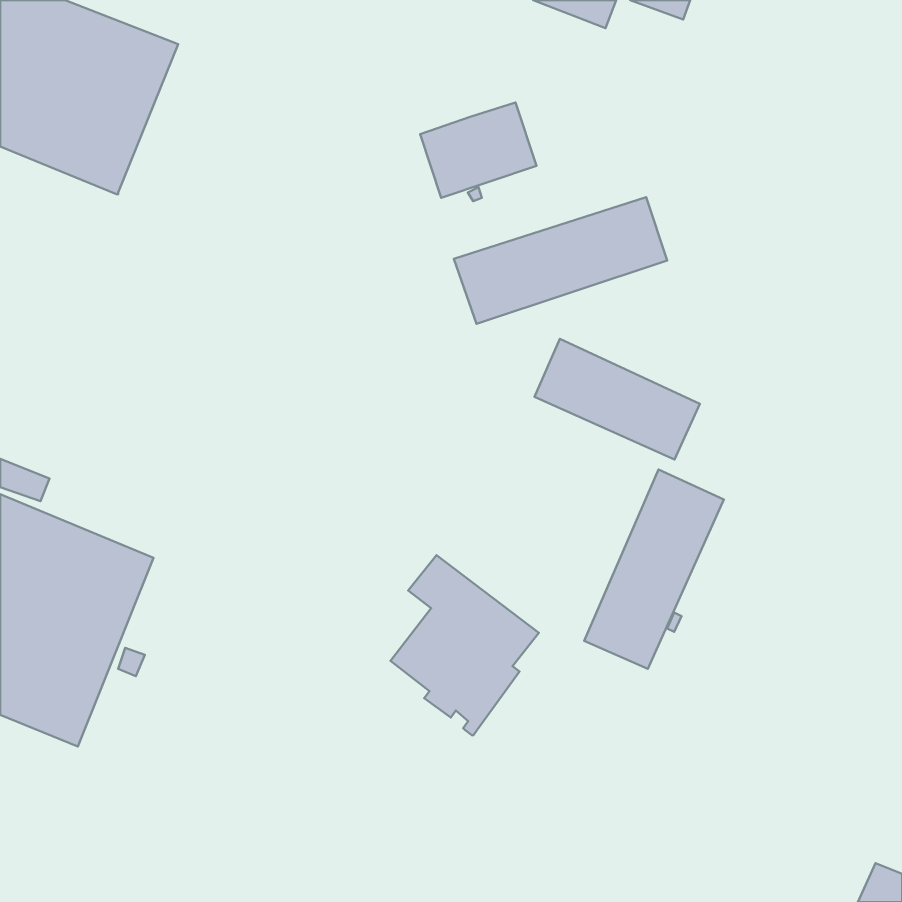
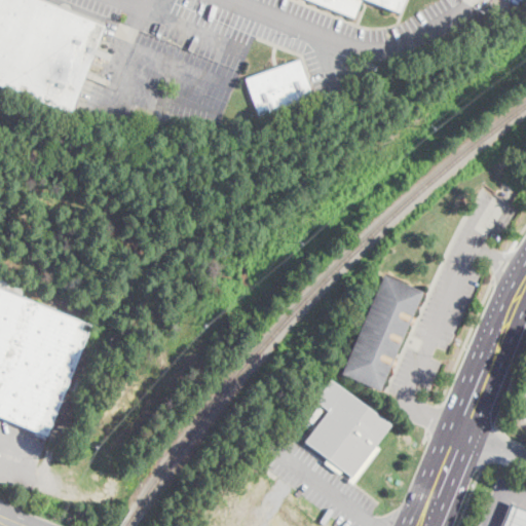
building: [454,197,667,324] -> none
building: [535,339,700,460] -> none
building: [391,555,539,735] -> [304,380,390,485]

